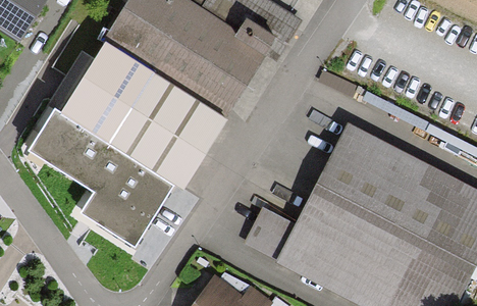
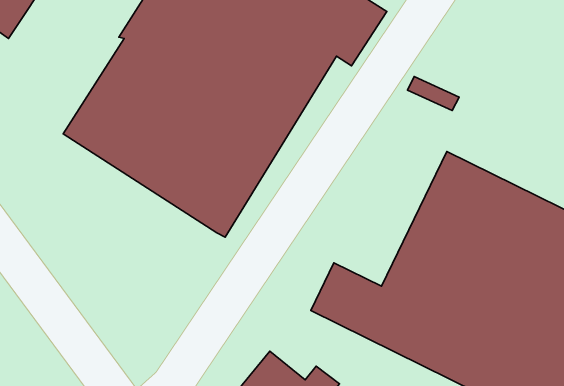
building: [21,104,175,249] -> none

